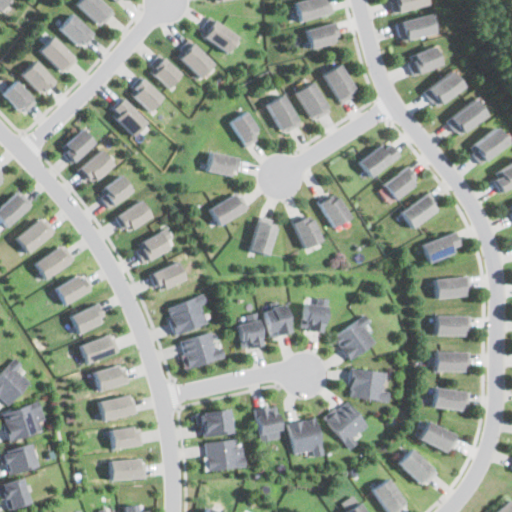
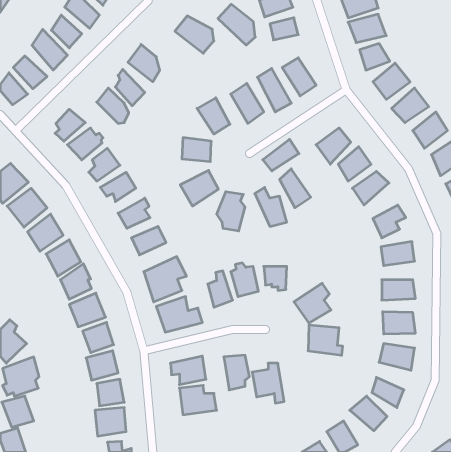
building: [175,38,217,84] -> [218,4,255,45]
building: none -> [263,139,299,171]
building: [324,397,369,444] -> none

